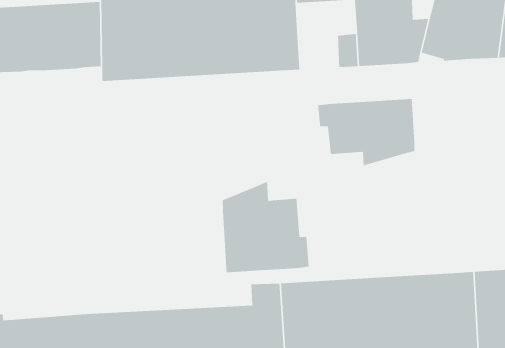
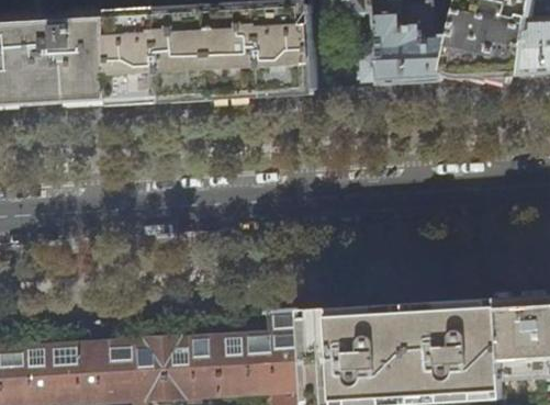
building: [317,98,415,166] -> none
building: [222,181,310,273] -> none

